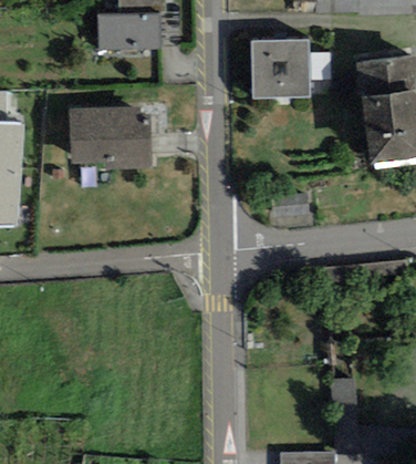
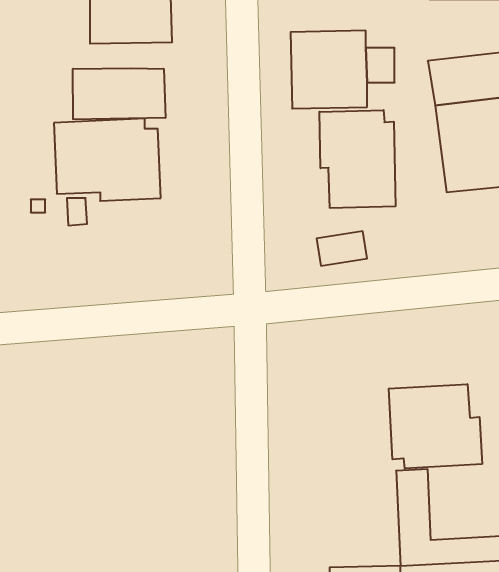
building: none -> [73,68,165,119]
building: none -> [319,110,395,208]
building: none -> [389,384,482,469]

